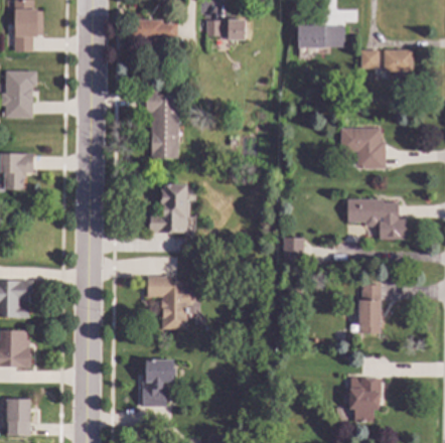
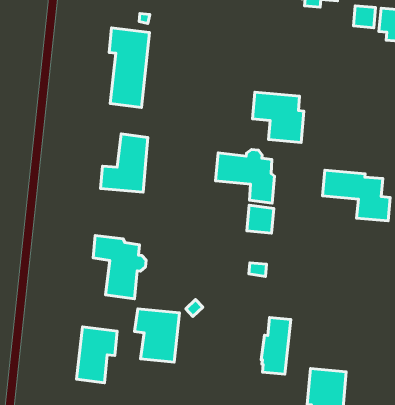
building: [340,128,386,169] -> [252,92,304,142]
building: none -> [216,149,274,203]
building: [357,284,381,333] -> [261,318,291,374]
building: none -> [135,309,180,362]

